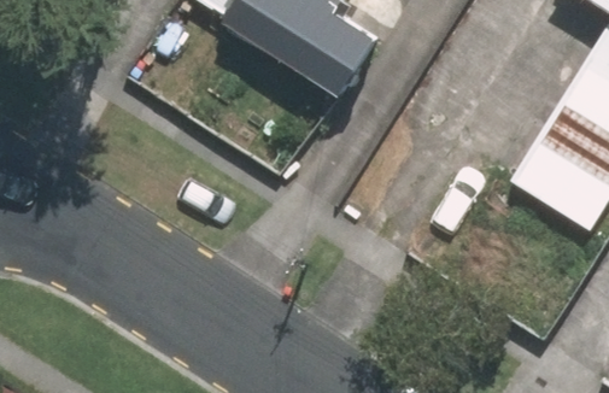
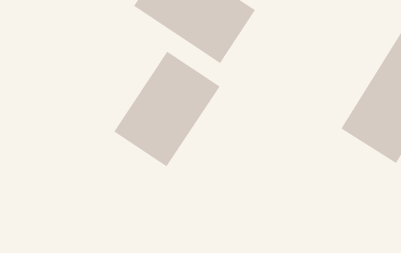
building: none -> [113,51,220,167]

